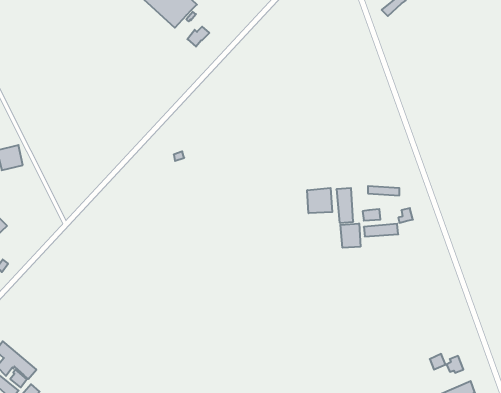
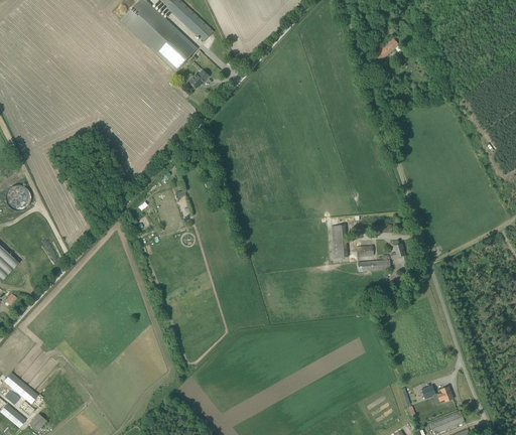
building: [307,188,332,213] -> none
building: [340,223,360,248] -> none

